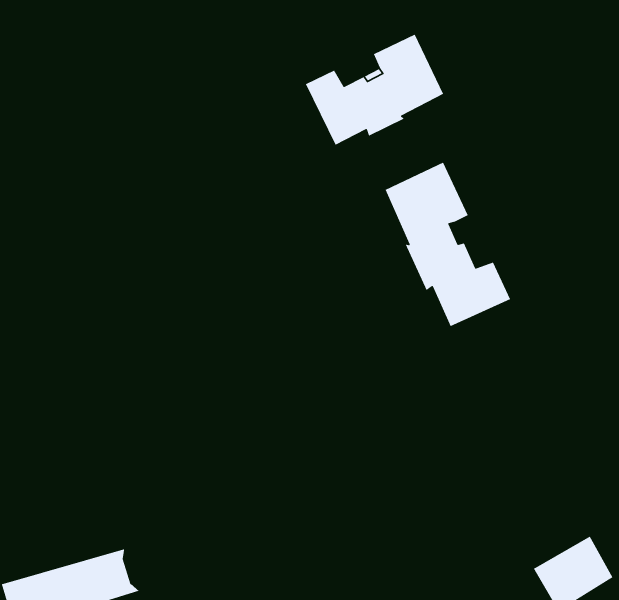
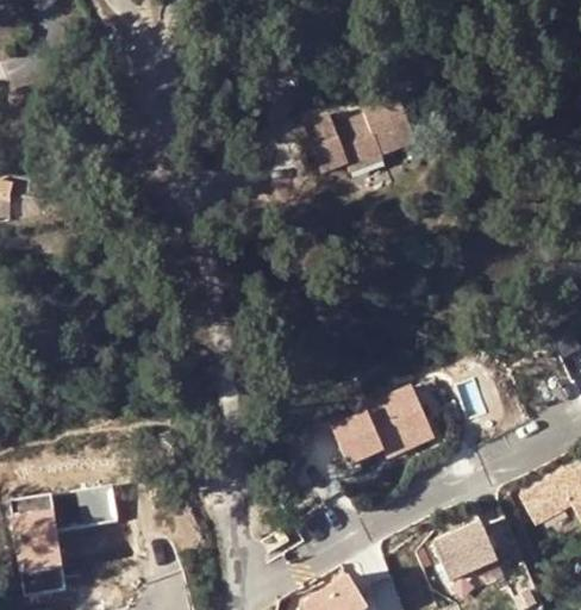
building: [384,161,511,327] -> none
building: none -> [332,385,433,463]

